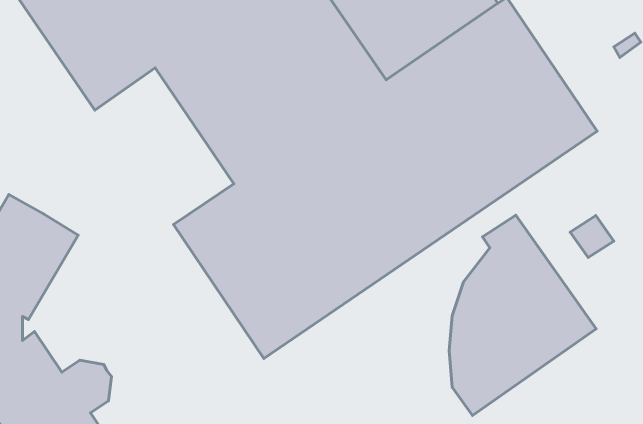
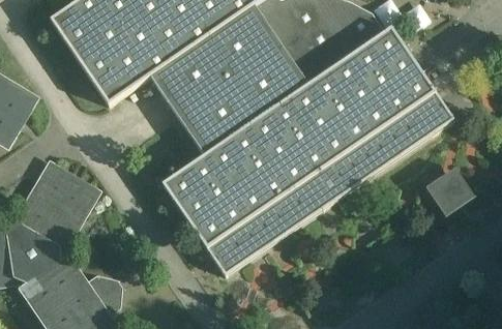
building: [449,215,596,416] -> none

